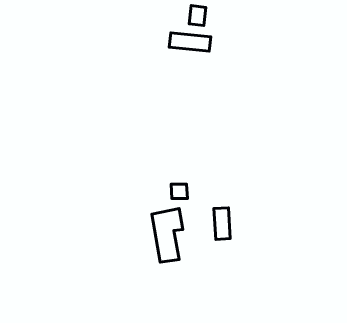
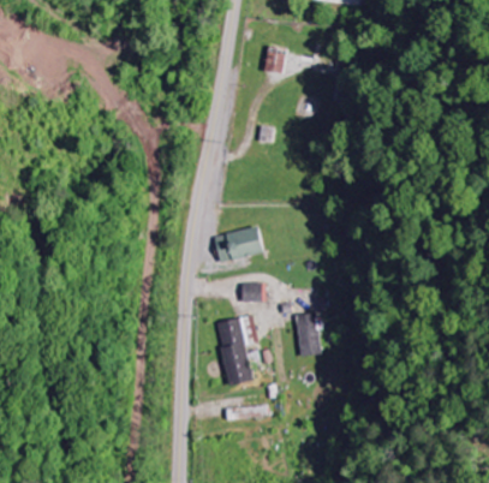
building: [169,33,211,51] -> none
building: none -> [214,227,264,261]

